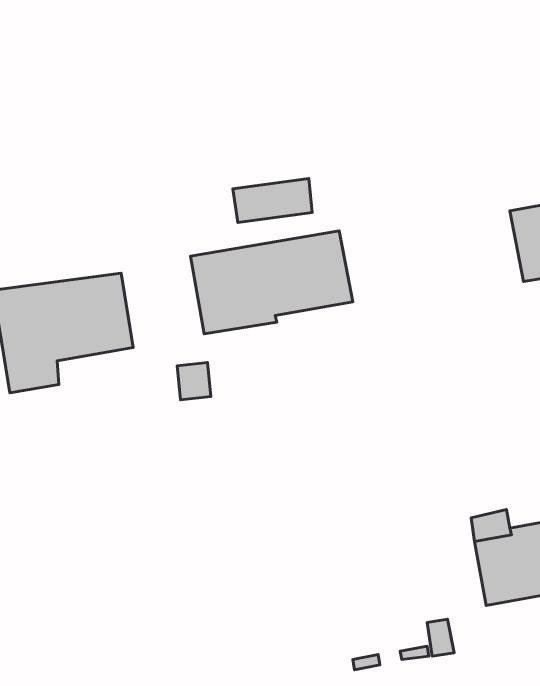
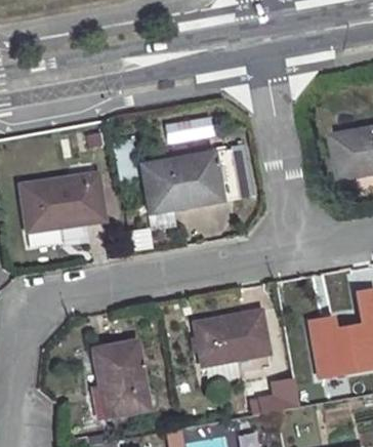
building: none -> [192,310,267,378]
building: none -> [88,340,147,416]

